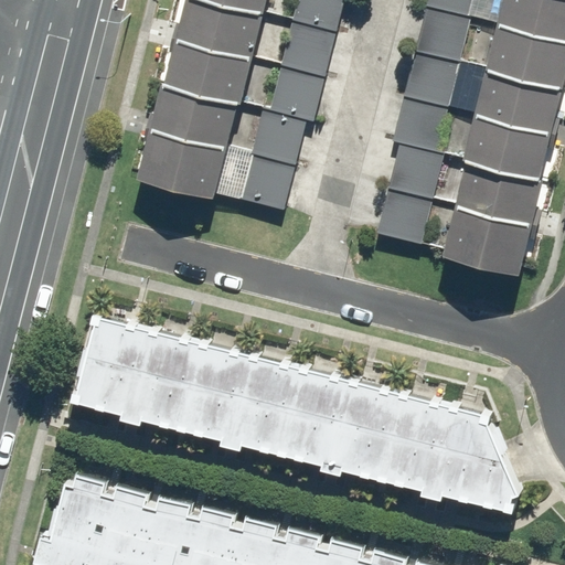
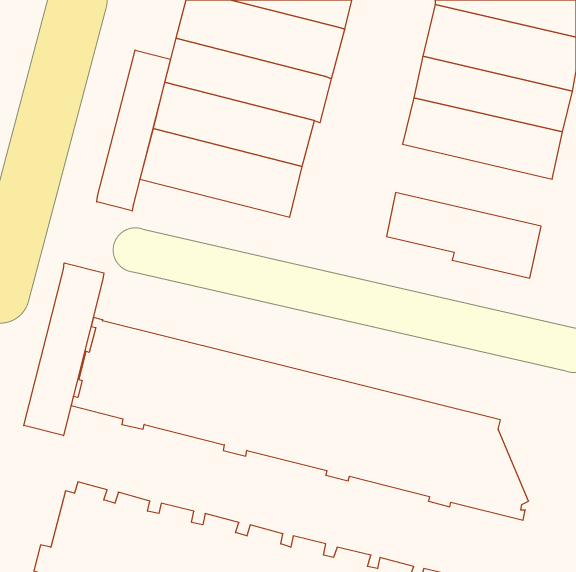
building: none -> [97,50,171,211]
building: [387,146,541,225] -> none
building: none -> [24,263,104,436]

